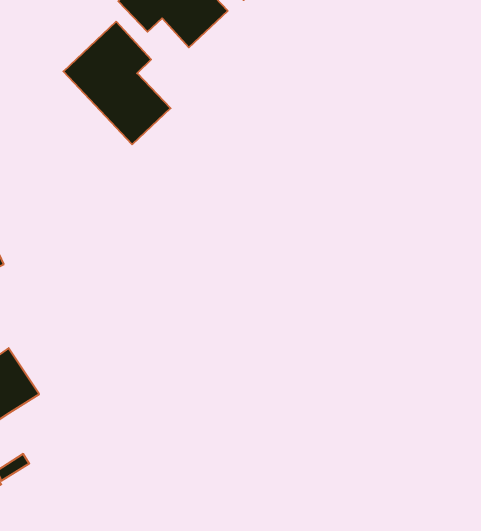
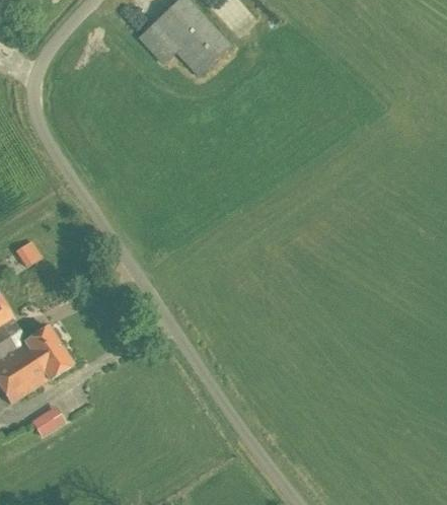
building: [63,22,171,144] -> none

